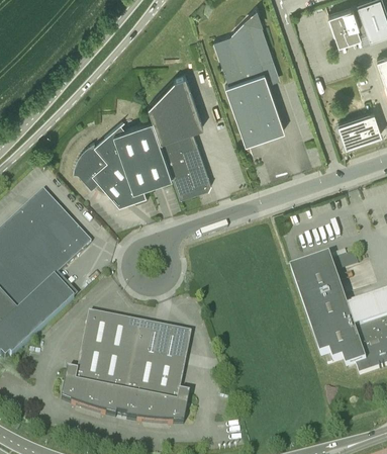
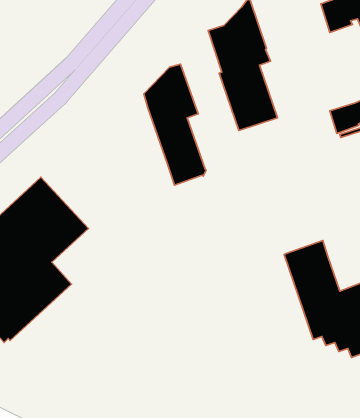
building: [73,117,172,202] -> none
building: [61,311,191,422] -> none

